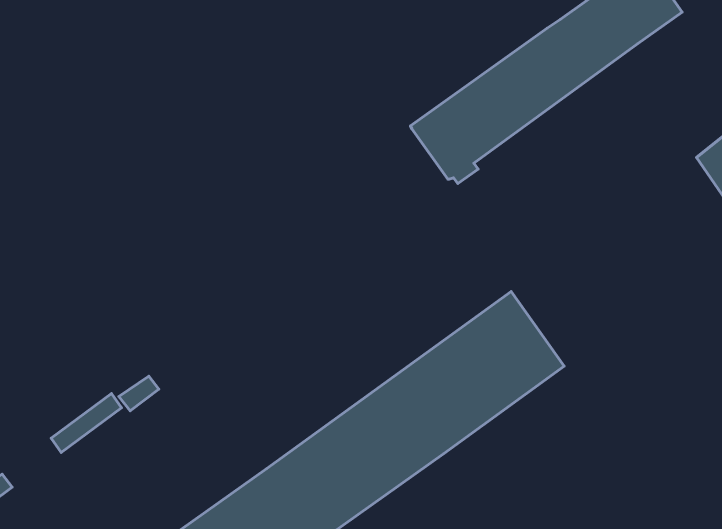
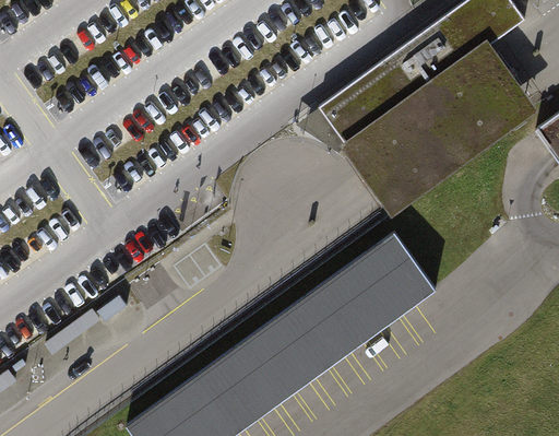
building: none -> [343,45,539,217]

